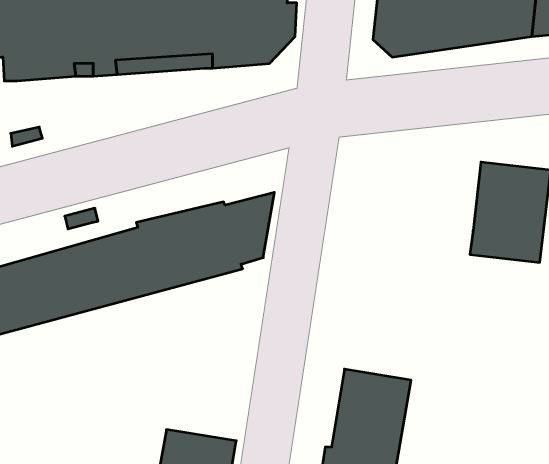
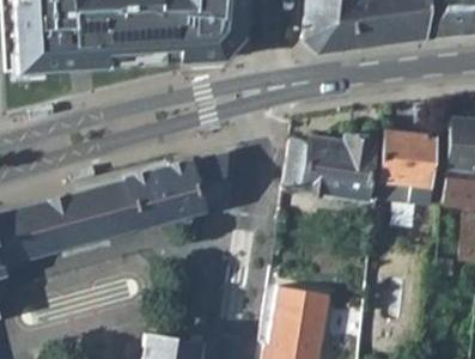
building: none -> [282,135,374,200]

